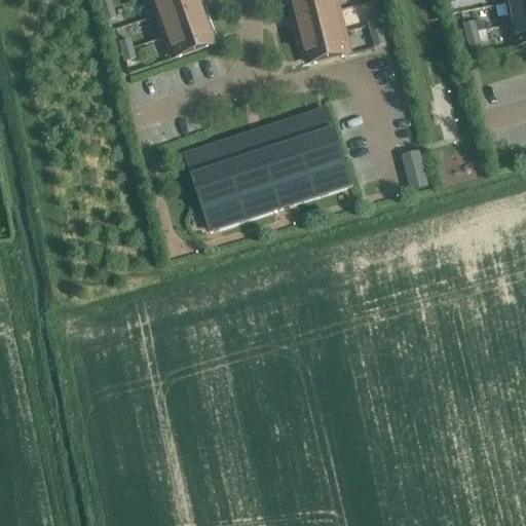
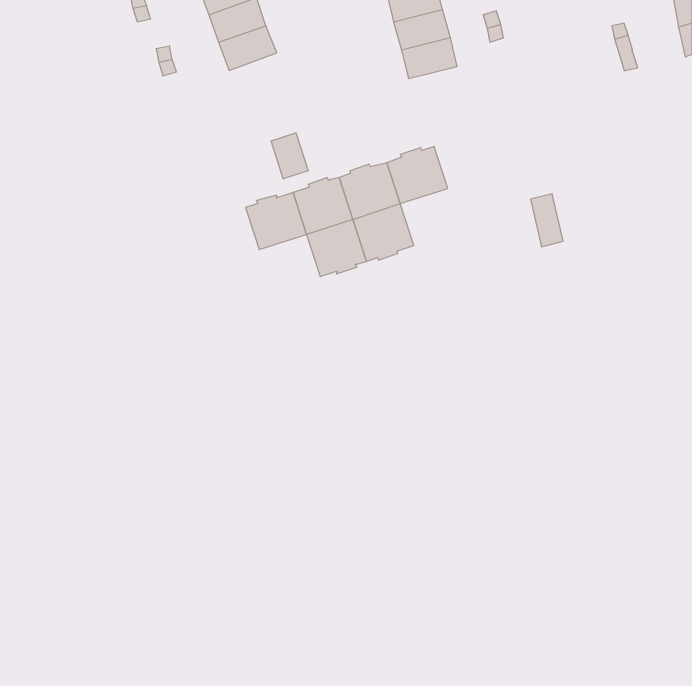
building: none -> [271,133,308,179]
building: [303,143,349,186] -> none
building: [196,178,242,221] -> none

